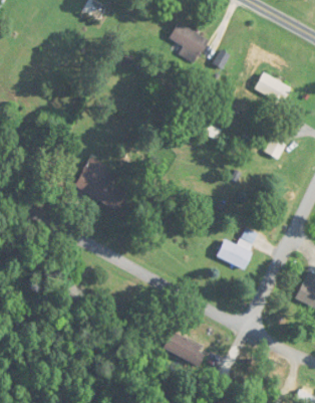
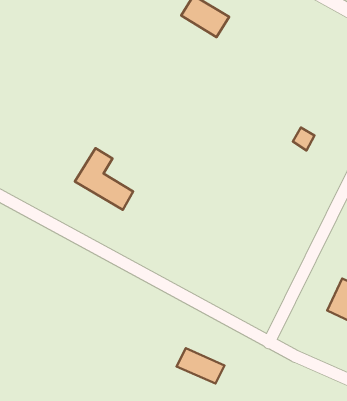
building: [253,72,290,105] -> none
building: [216,227,259,269] -> none

